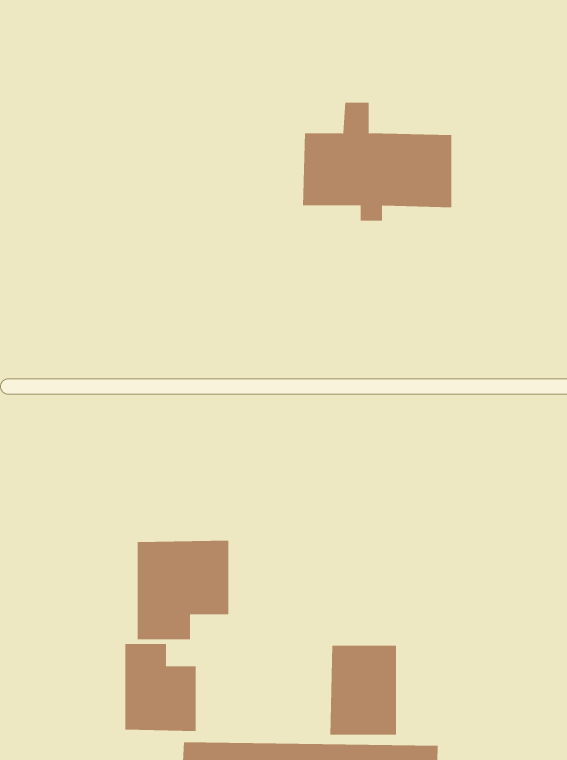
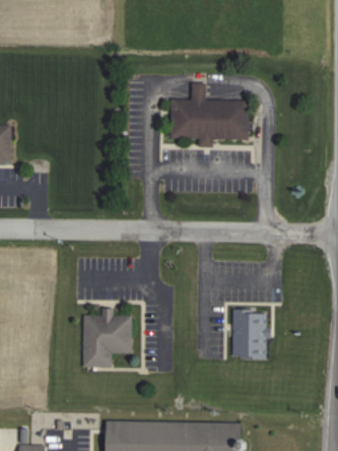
building: [125,643,196,732] -> none
building: [330,645,397,735] -> [232,310,268,358]

